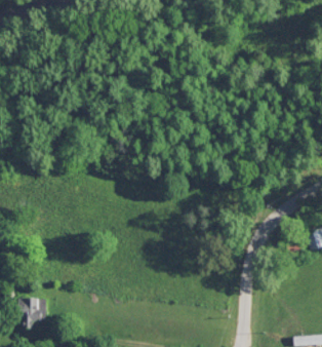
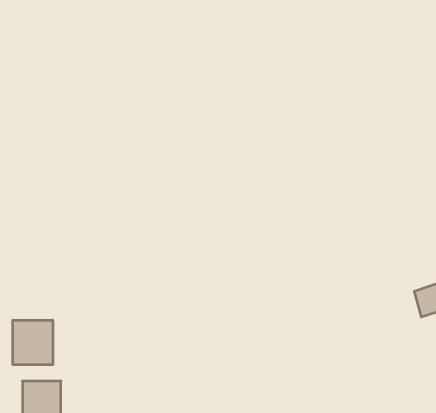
building: none -> [13,320,53,365]

